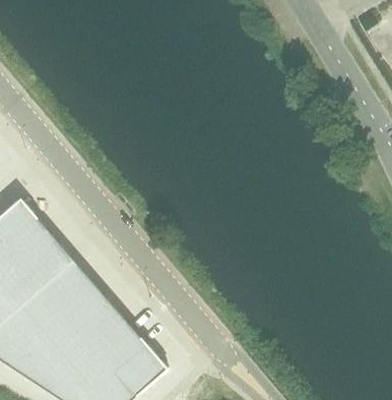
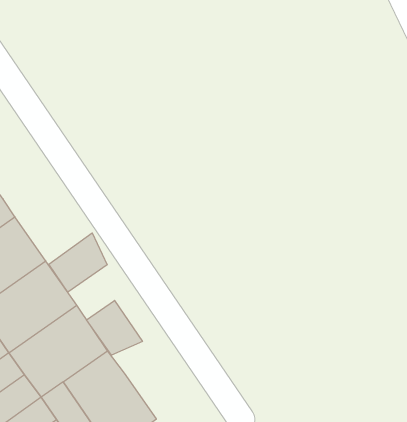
building: none -> [49,233,107,292]
building: none -> [87,300,142,355]

